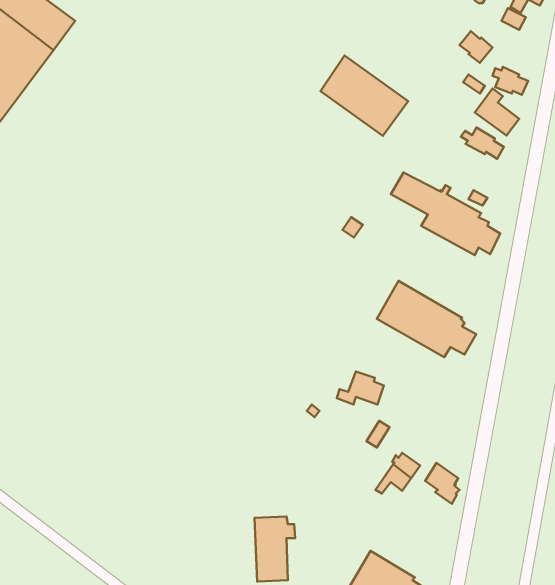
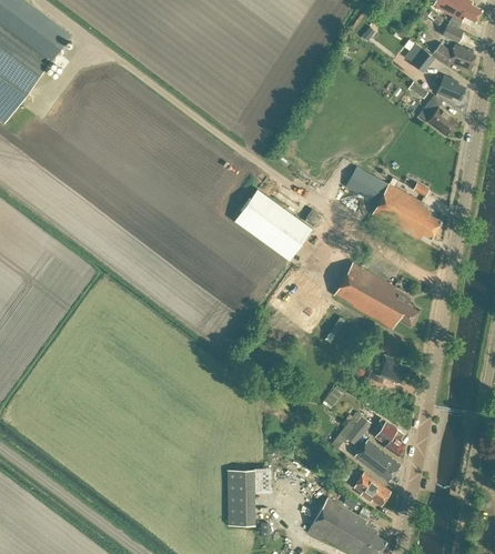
building: none -> [432,43,475,71]
building: [320,55,408,136] -> [235,189,312,259]
building: [461,128,504,159] -> none
building: [337,371,384,405] -> [367,354,408,383]
building: none -> [354,440,401,481]
building: none -> [353,473,391,506]

